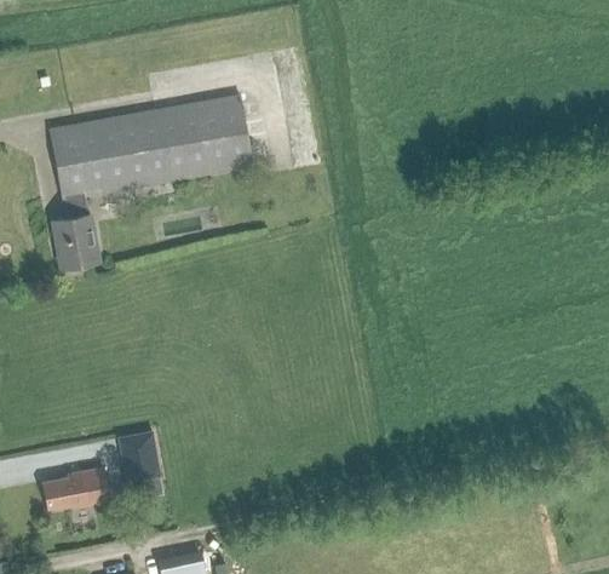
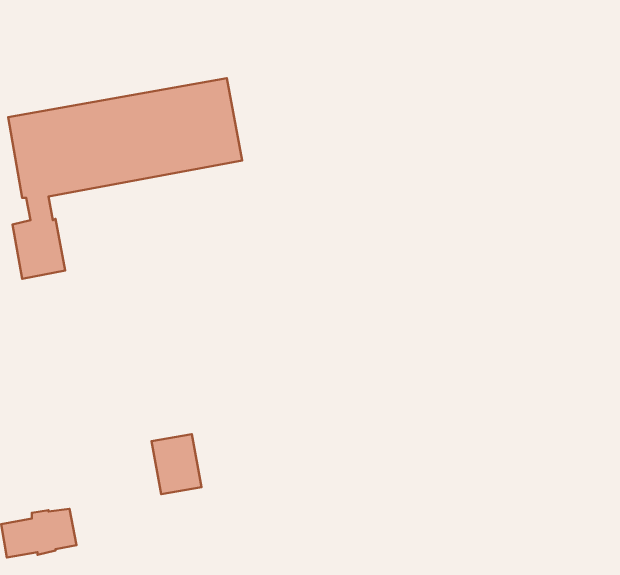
building: [116,430,160,482] -> [151,434,202,494]

